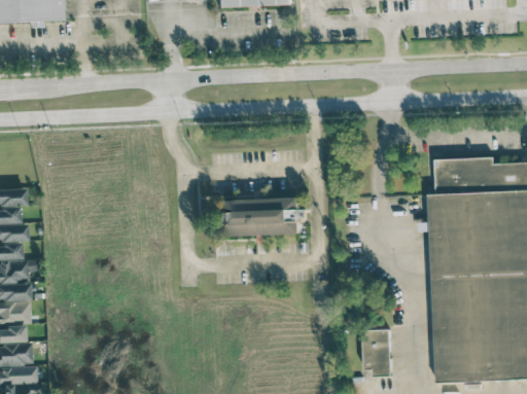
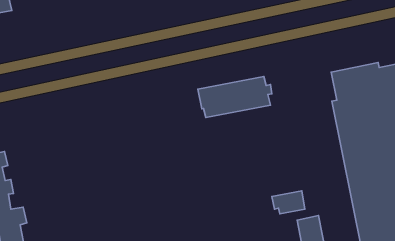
building: [215,198,304,236] -> [198,76,272,118]
building: none -> [272,191,305,214]

